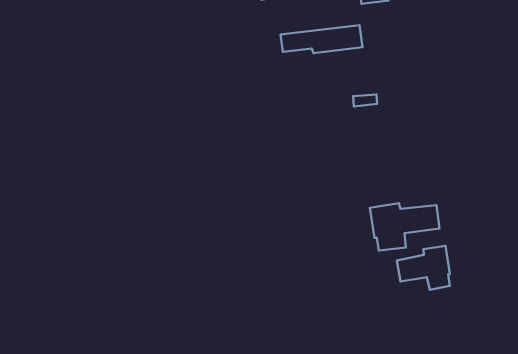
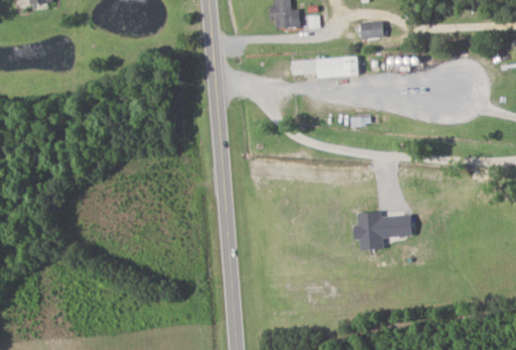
building: [397,246,450,290] -> none

